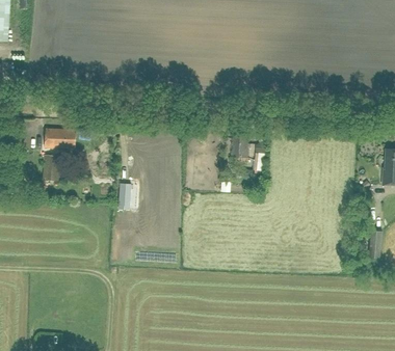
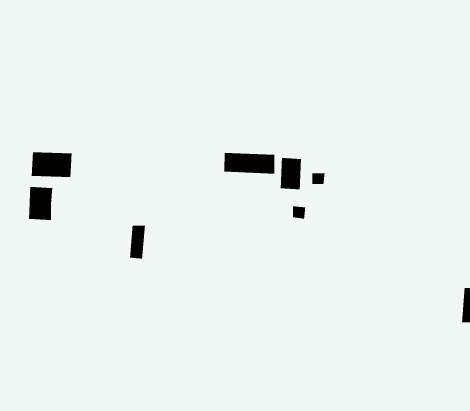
building: none -> [224,152,275,174]

